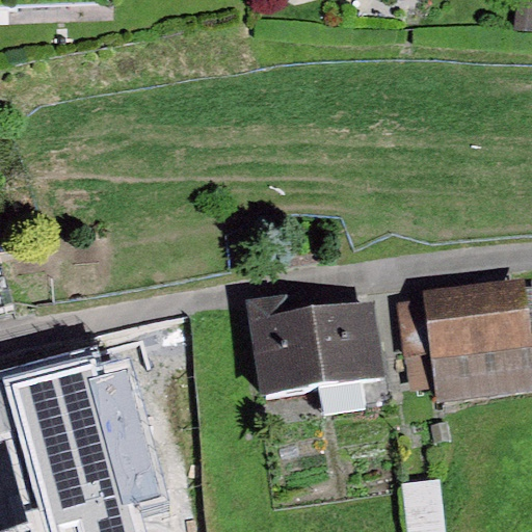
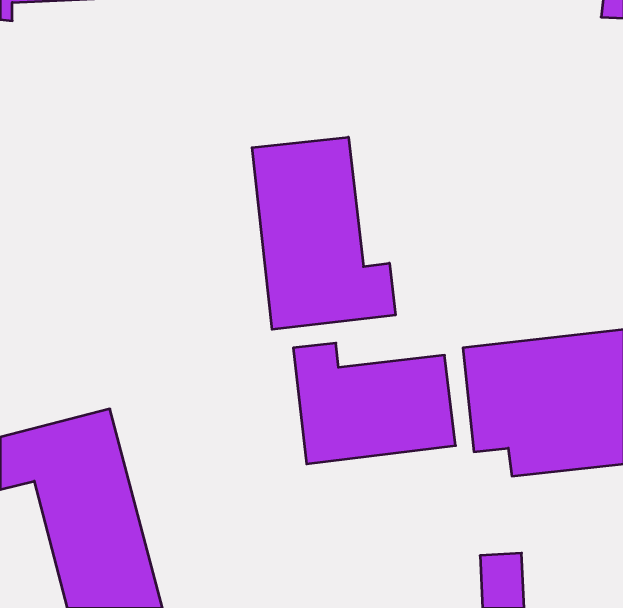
building: none -> [252,137,395,329]

